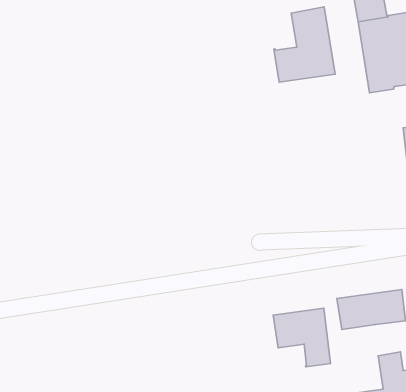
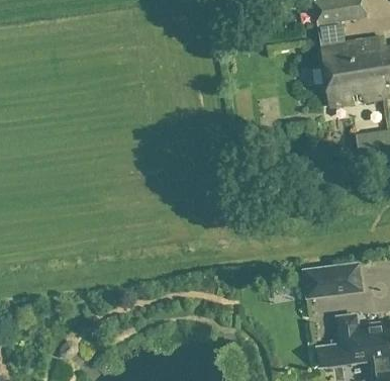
building: [274,7,335,82] -> none
building: [273,308,331,367] -> none

